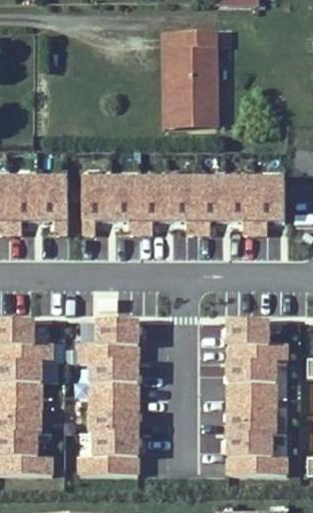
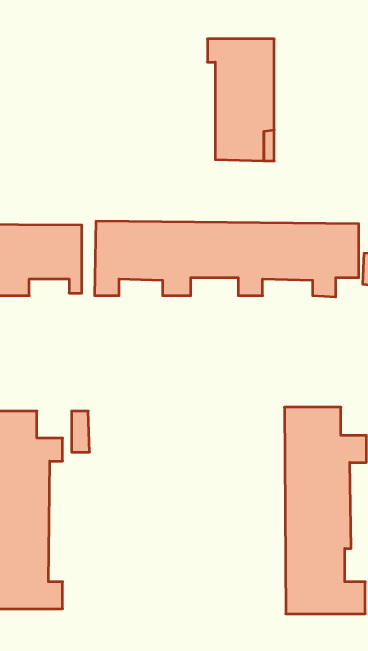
building: [77,322,139,477] -> none

